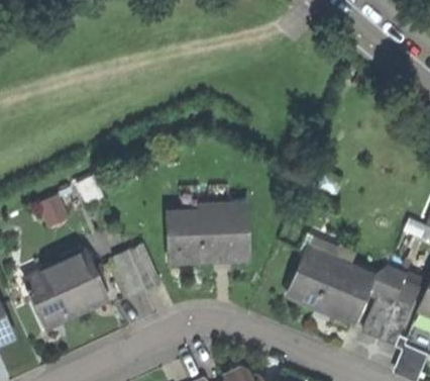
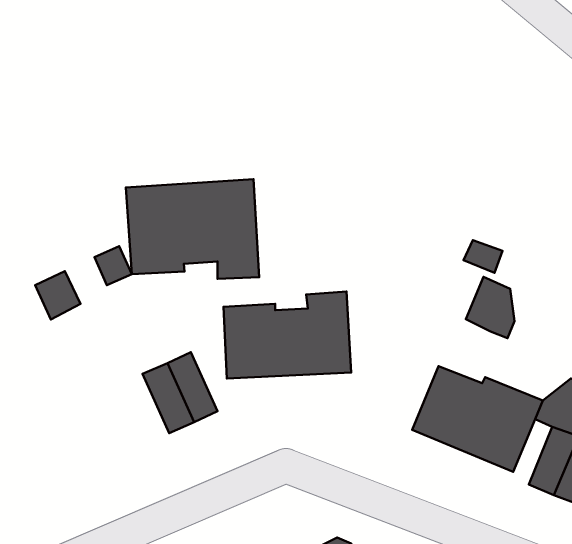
building: none -> [126,179,259,279]
building: none -> [466,277,515,338]
building: [25,252,106,327] -> none

